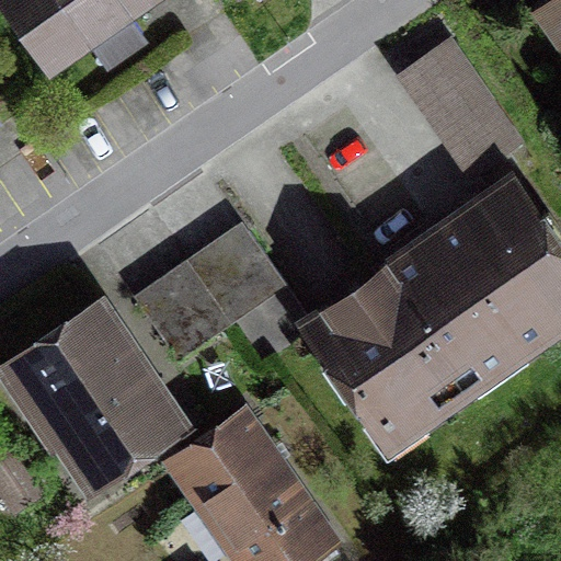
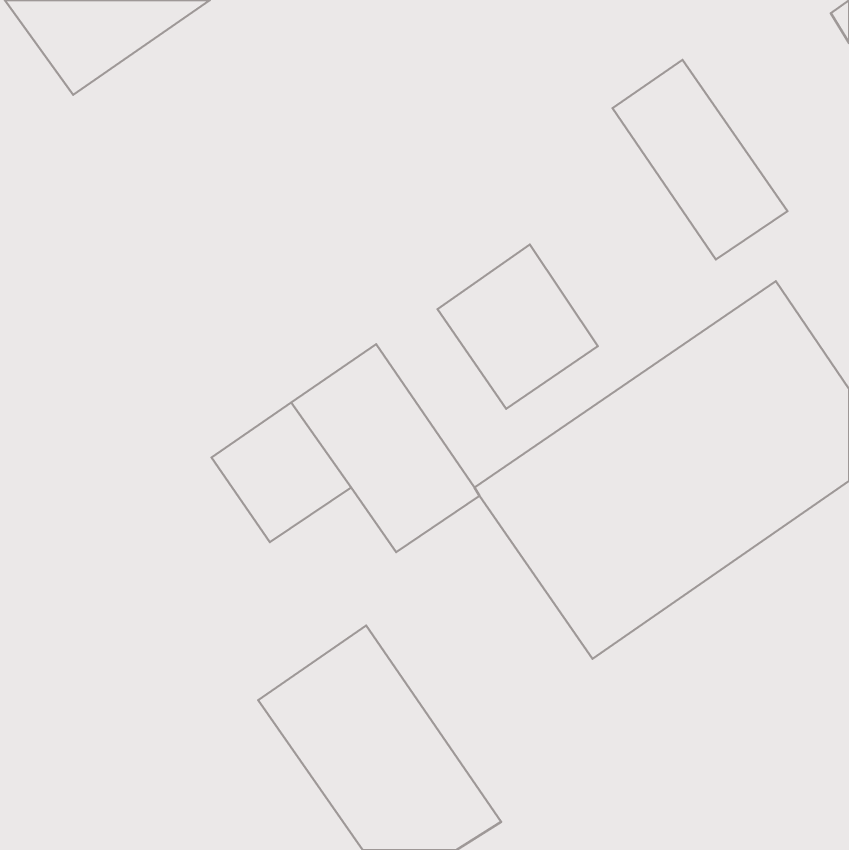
building: none -> [438,245,598,409]
building: [7,316,165,469] -> none

